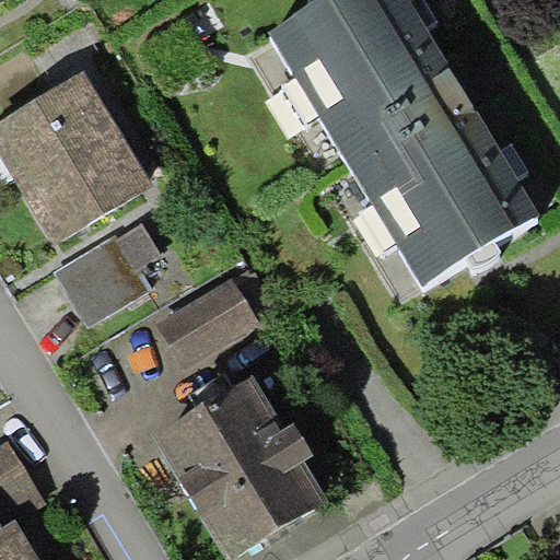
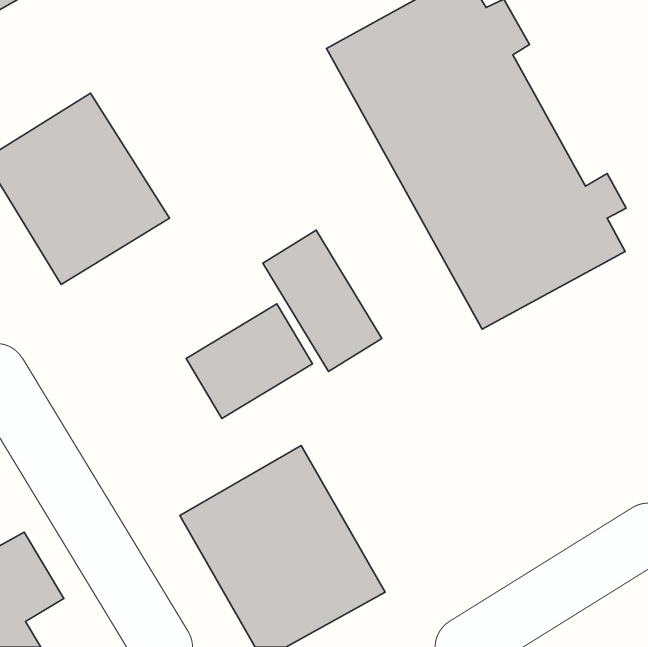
building: none -> [263,230,382,372]
building: [52,225,155,327] -> none

